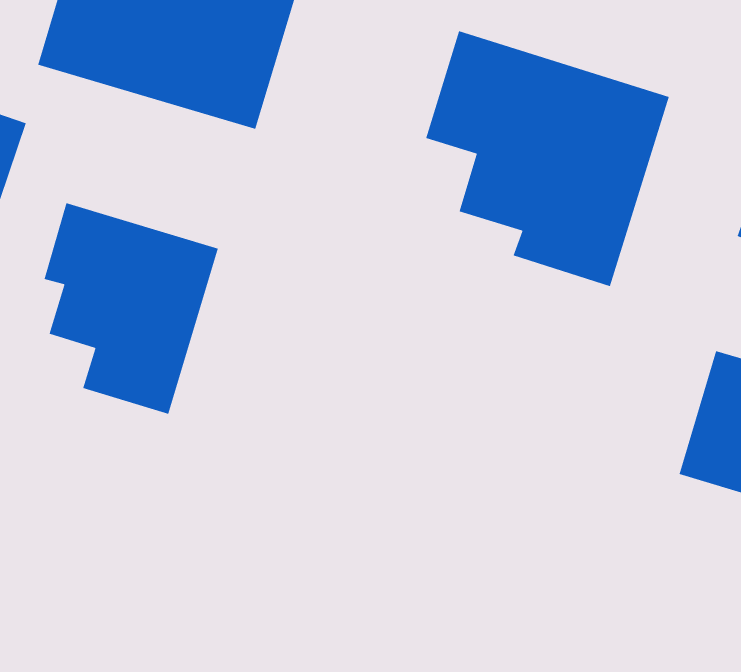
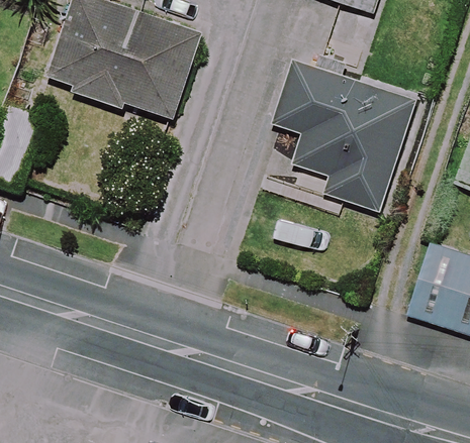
building: [43,202,219,415] -> none

